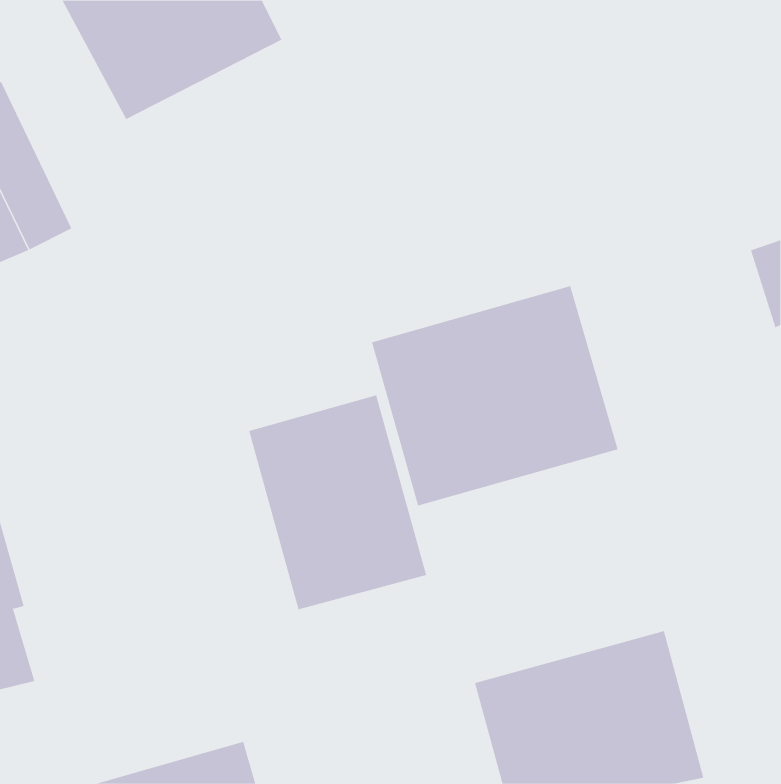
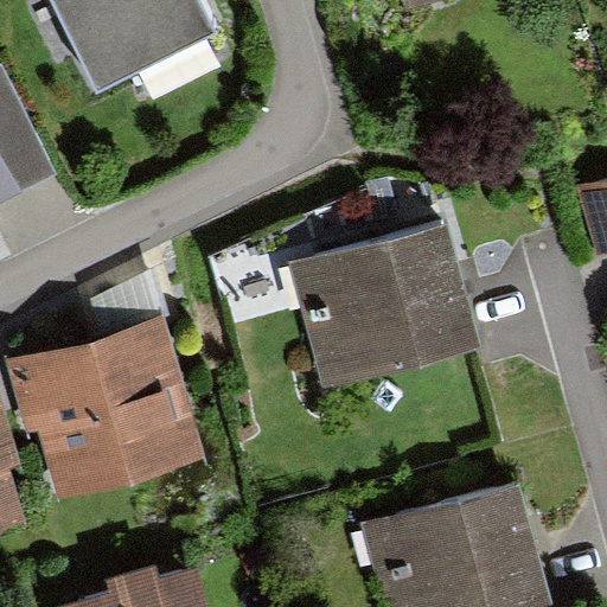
building: [248,395,427,610] -> none
building: none -> [7,313,205,498]

